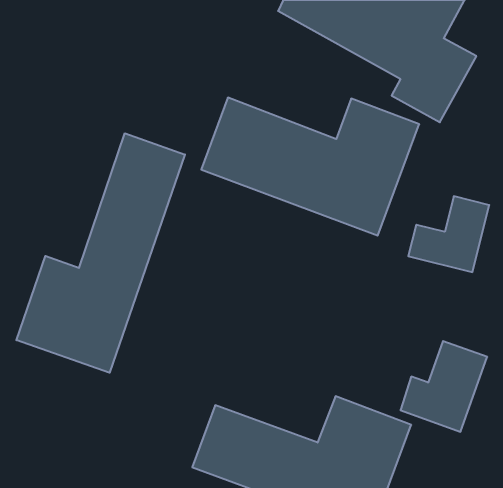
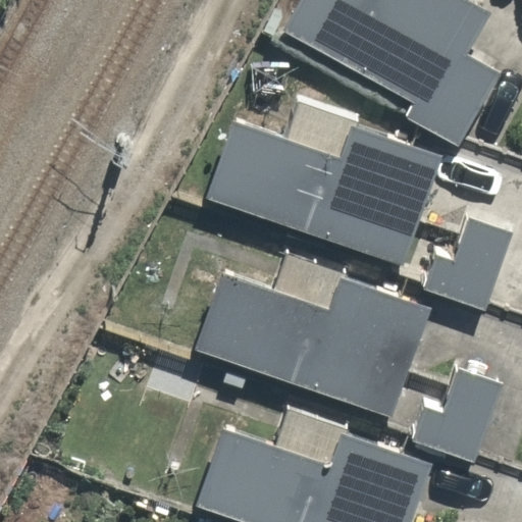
building: [16,133,185,373] -> none
building: none -> [191,271,424,407]

